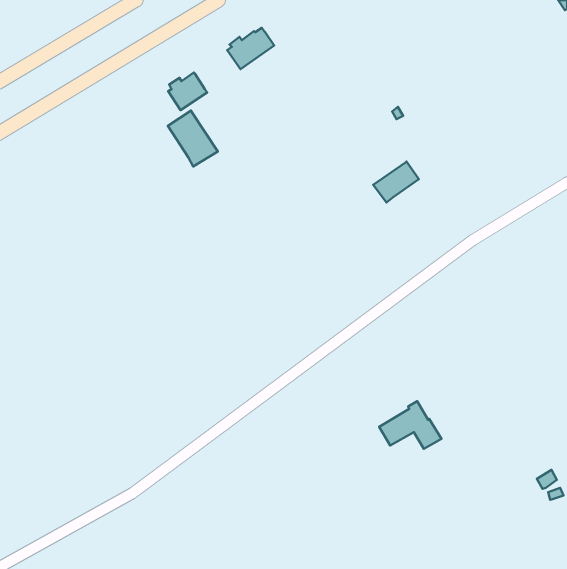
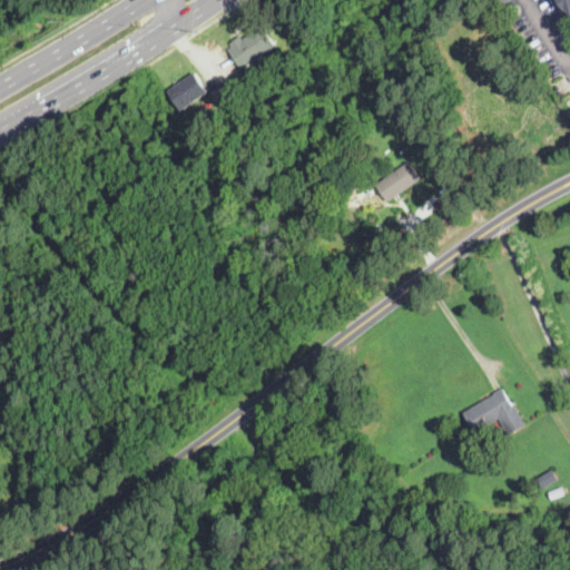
building: [168,110,218,166] -> none
building: [379,401,442,449] -> [463,387,525,435]

